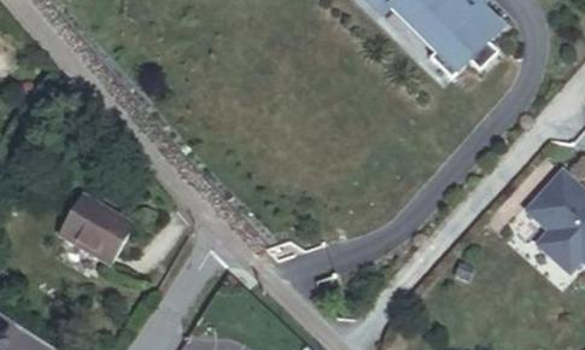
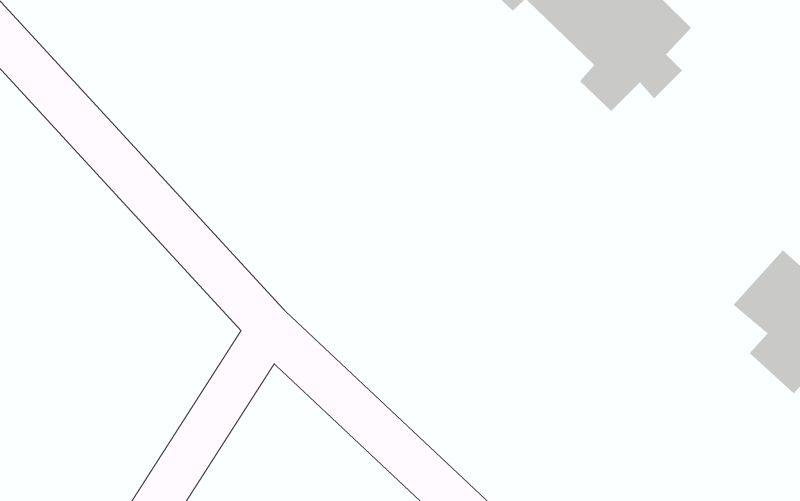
building: [60,198,130,264] -> none

